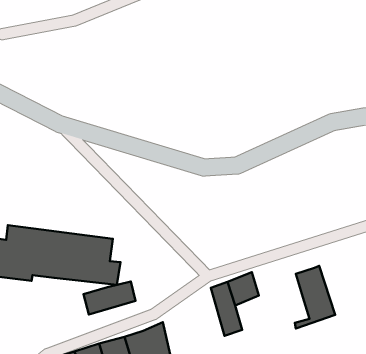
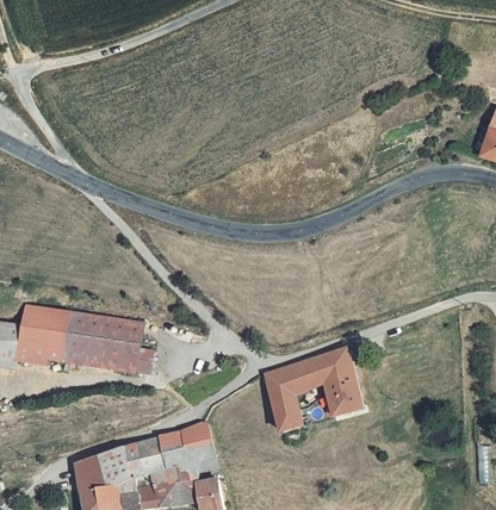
building: [295,266,335,329] -> [311,349,360,425]
building: [84,281,136,315] -> none

